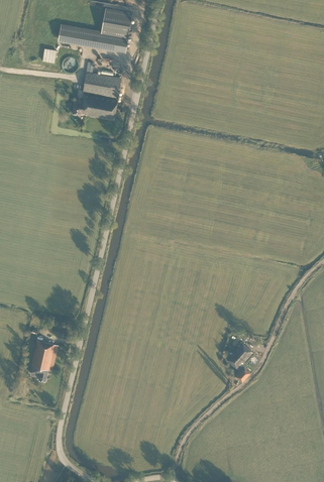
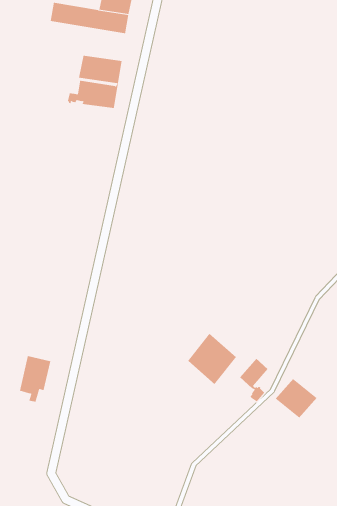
building: none -> [187,333,237,385]
building: none -> [275,378,317,418]

